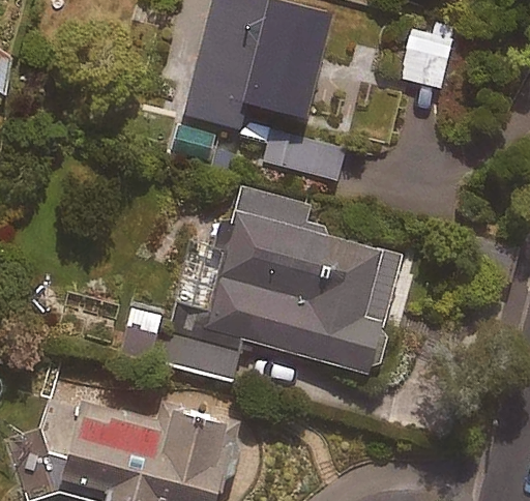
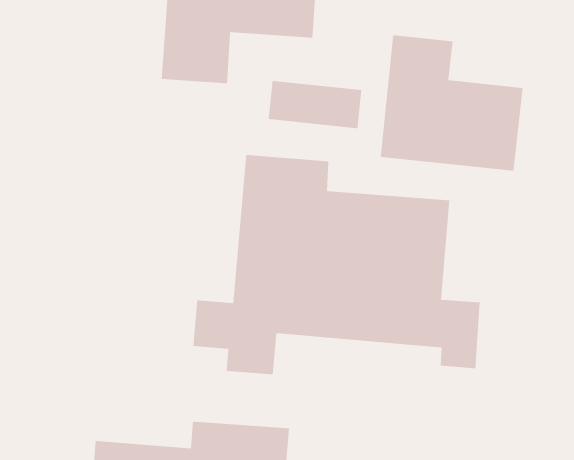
building: none -> [380,34,523,171]

